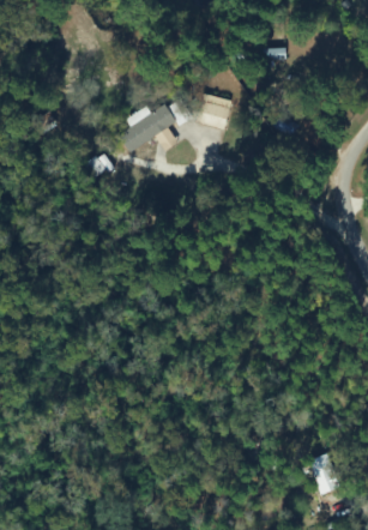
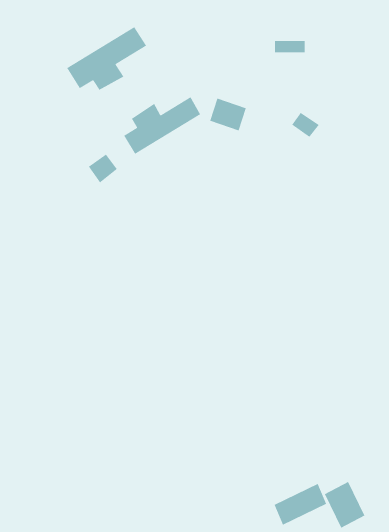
building: none -> [66,26,147,91]
building: none -> [274,483,327,526]

